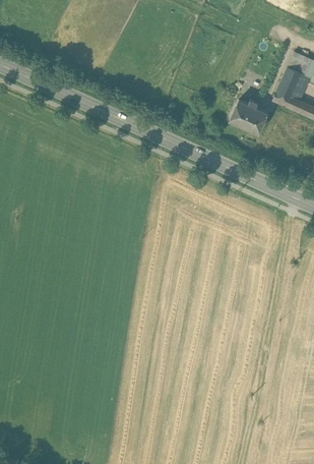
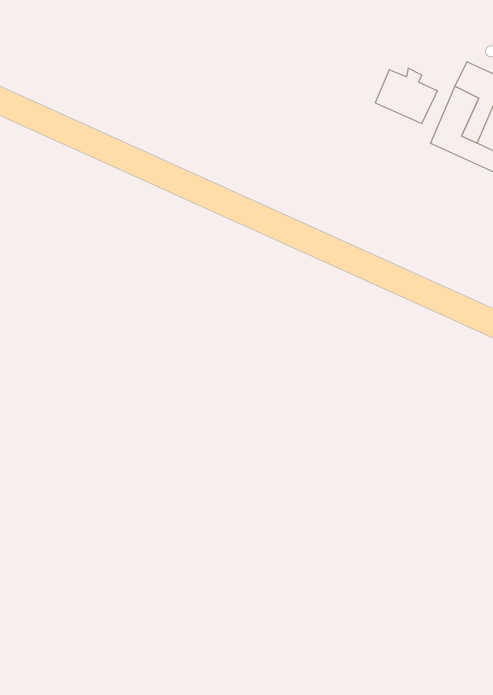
building: [230,98,266,130] -> [375,68,437,124]

